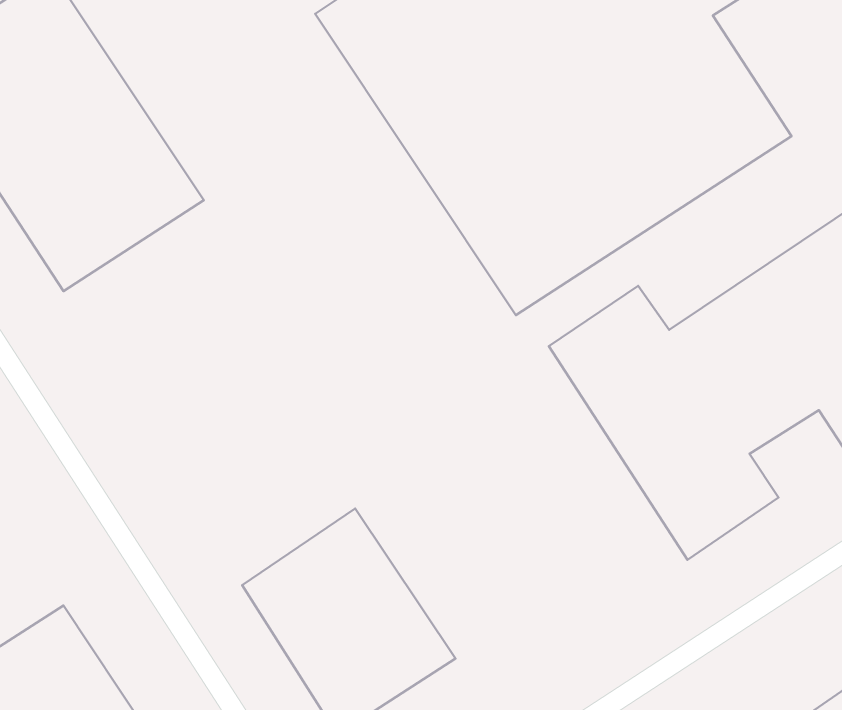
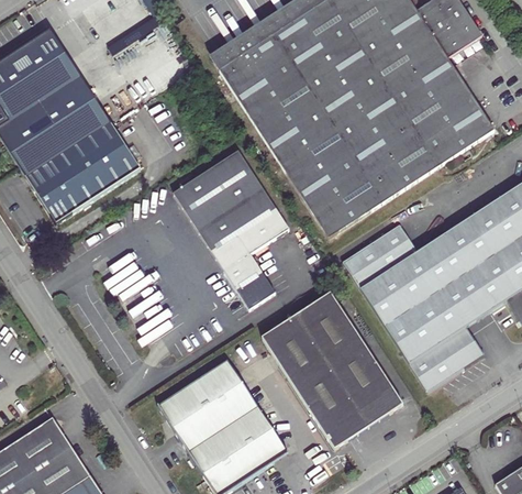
building: none -> [173,147,291,307]
building: none -> [267,289,407,446]

